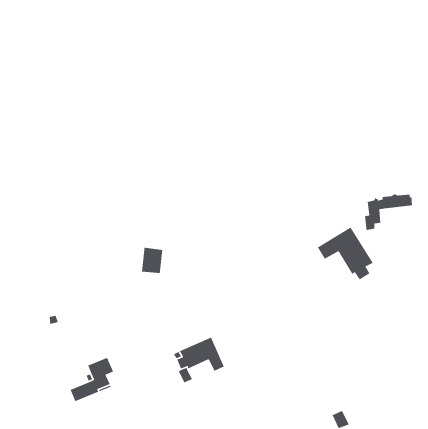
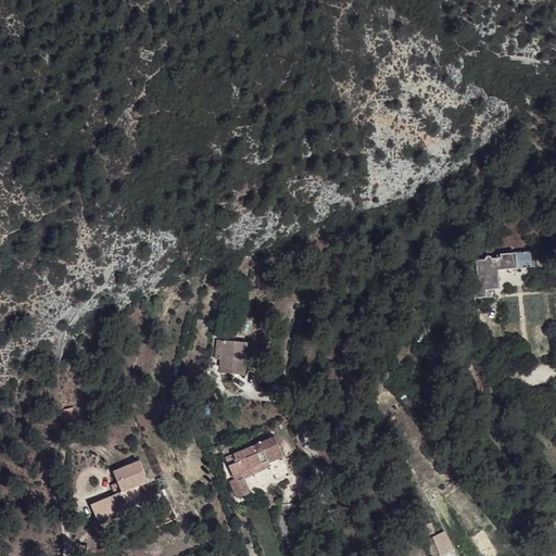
building: [317,226,374,280] -> none
building: [141,247,163,274] -> [218,340,247,375]

